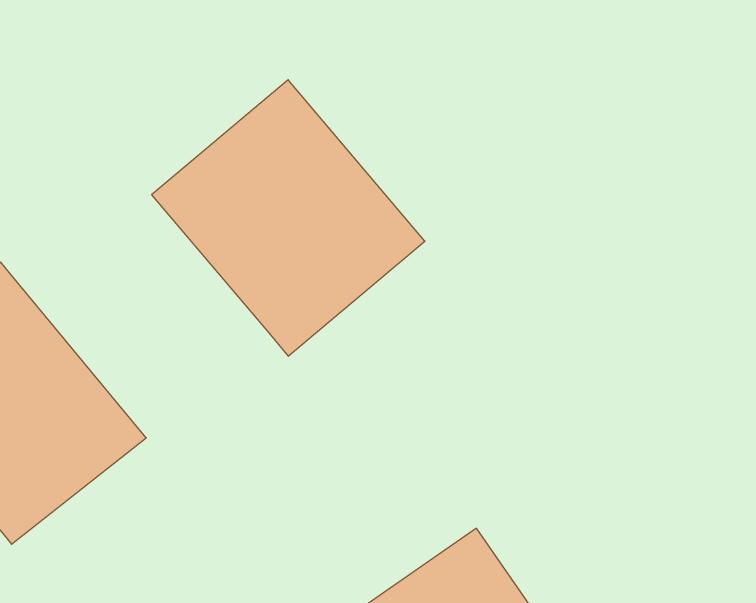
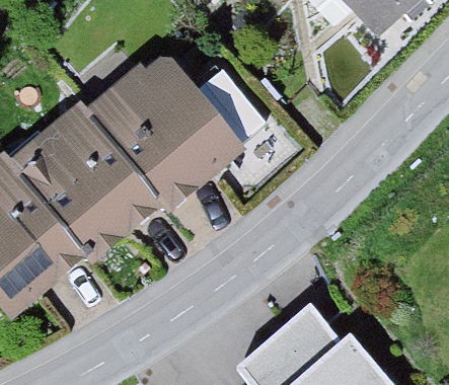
building: none -> [17,103,166,255]

